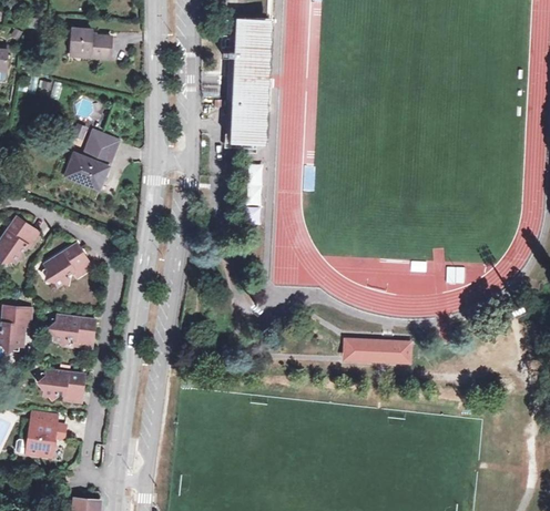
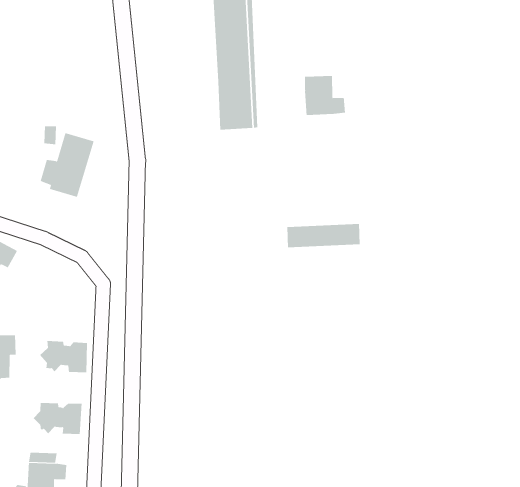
building: [70,30,110,58] -> none
building: none -> [305,75,345,116]
building: [45,244,92,285] -> none
building: [342,338,408,360] -> [286,223,361,248]

